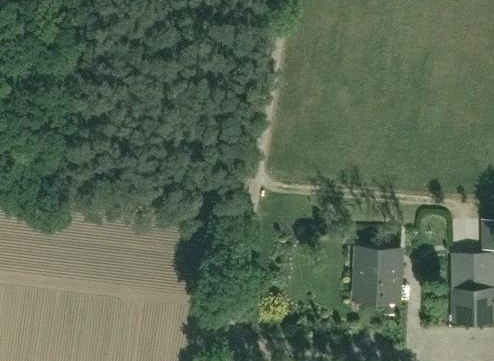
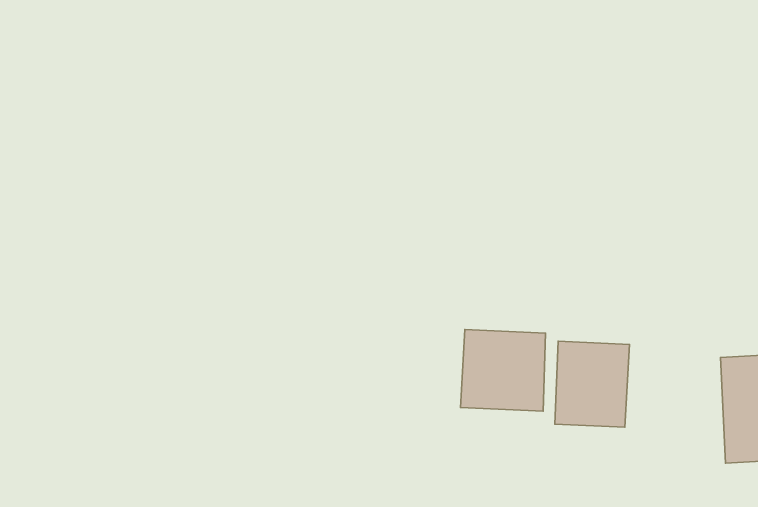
building: none -> [461,330,545,411]

